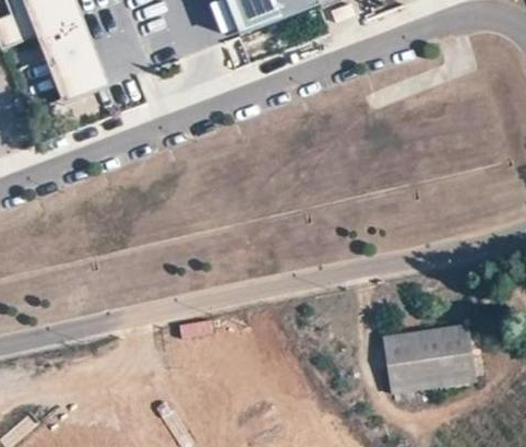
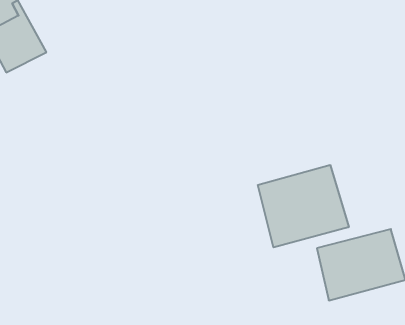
building: none -> [258,165,349,247]

